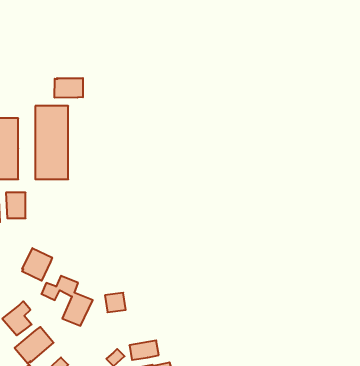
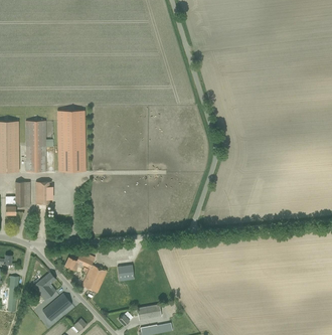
building: [55,78,83,98] -> none
building: [22,248,52,281] -> none

